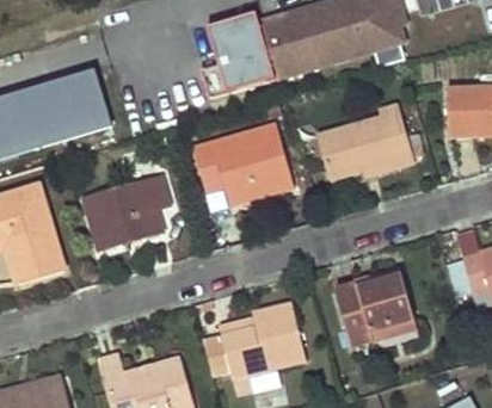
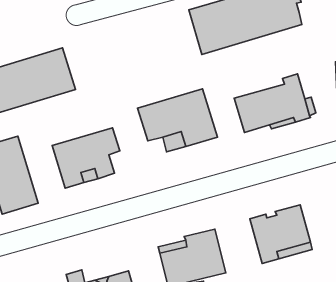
building: [229,21,275,87] -> none

